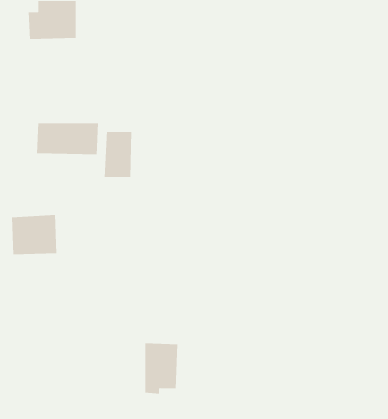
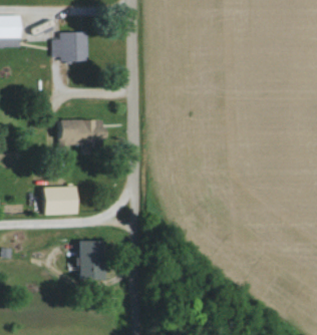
building: [104,131,132,178] -> none
building: [145,343,178,394] -> [78,241,102,278]

